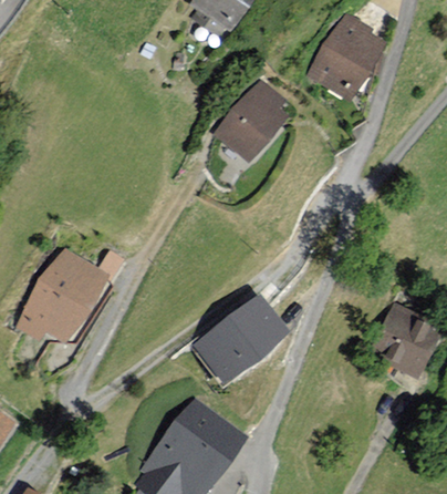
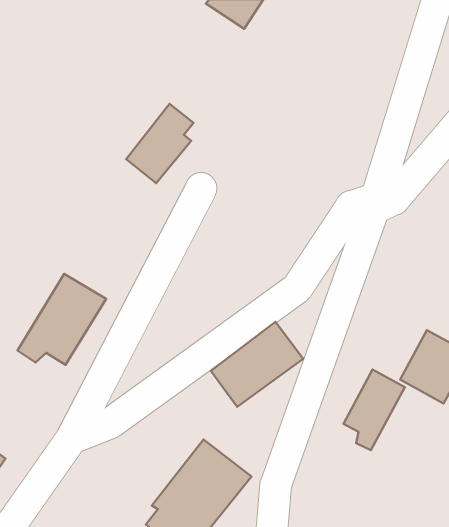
building: [311,16,380,94] -> none
building: [221,82,283,155] -> [126,104,193,183]
building: none -> [344,369,405,450]

